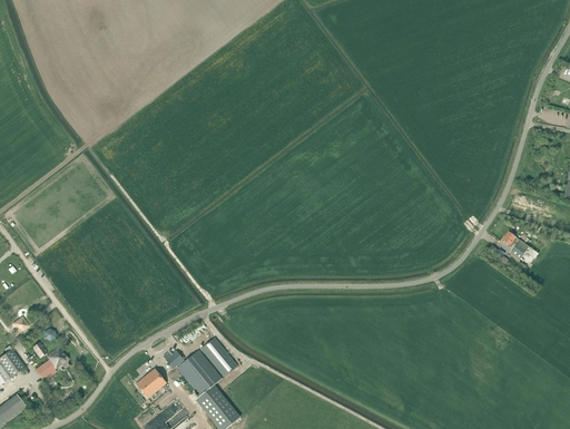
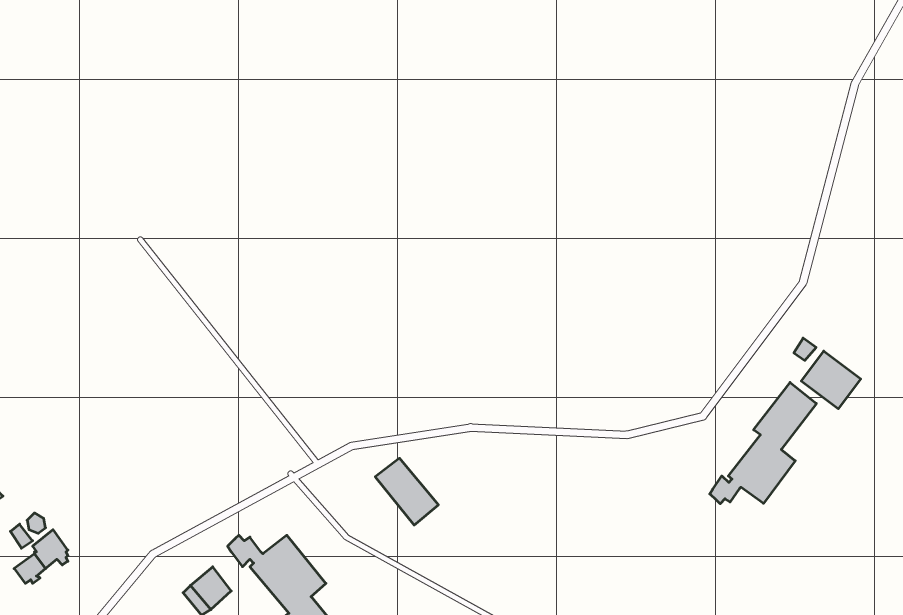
building: none -> [710,382,816,504]
building: [199,337,237,377] -> [375,458,438,525]

